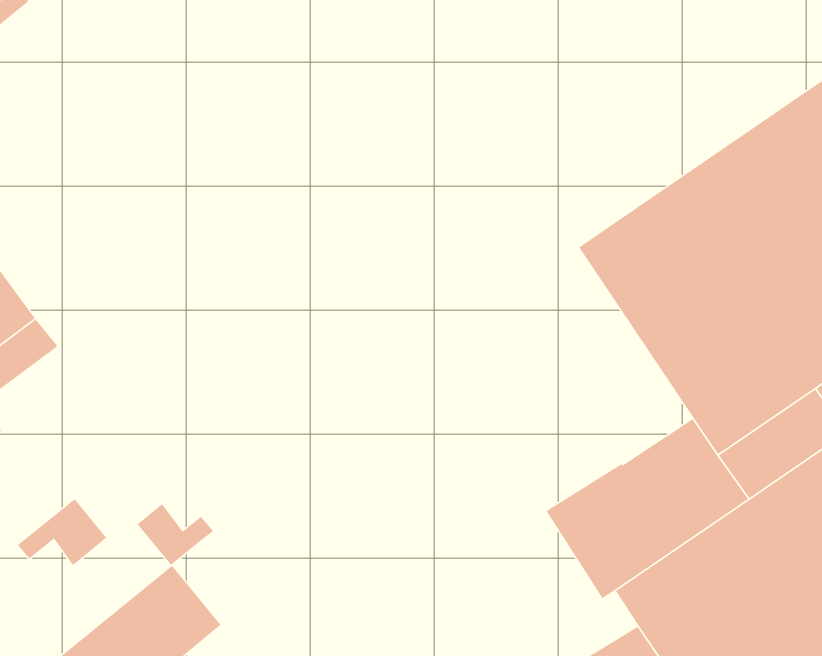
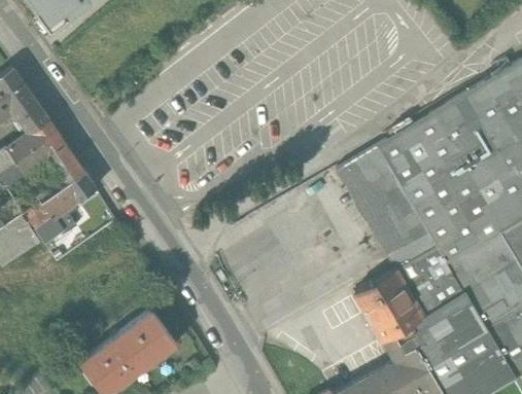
building: none -> [341,152,436,271]
building: [17,498,107,566] -> none
building: [137,503,214,566] -> none

